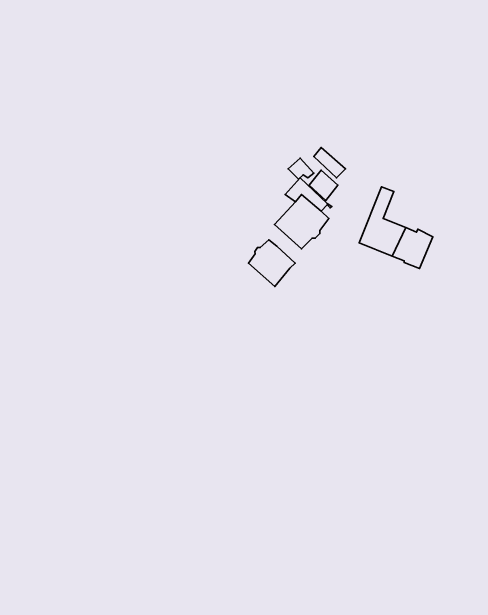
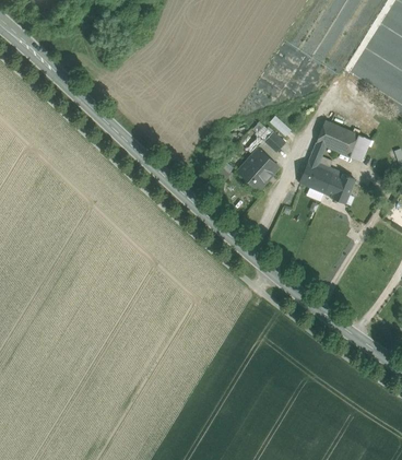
building: none -> [317,120,370,162]
building: [248,240,295,286] -> none

